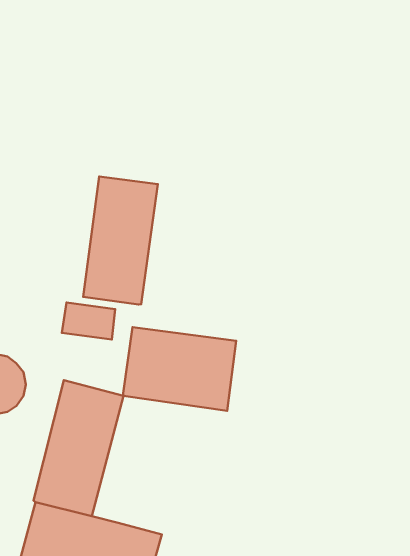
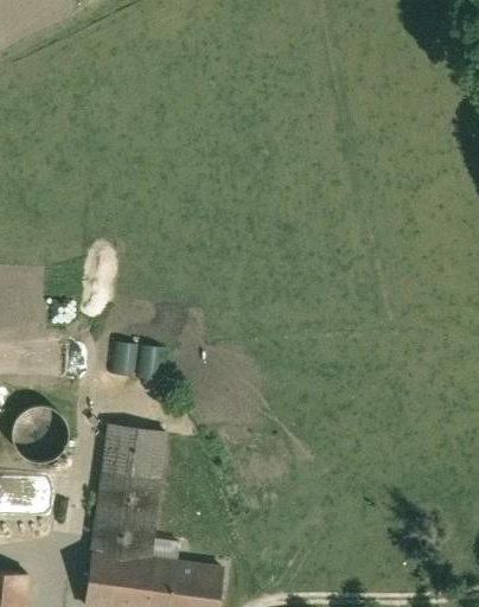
building: [83,177,158,305] -> none
building: [123,327,236,411] -> none

